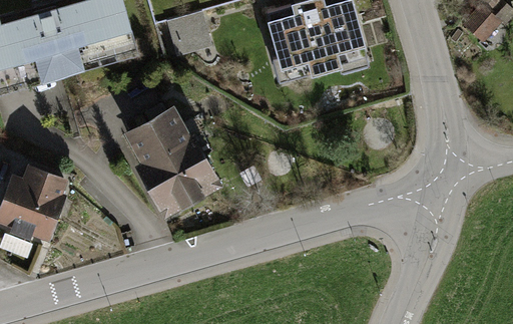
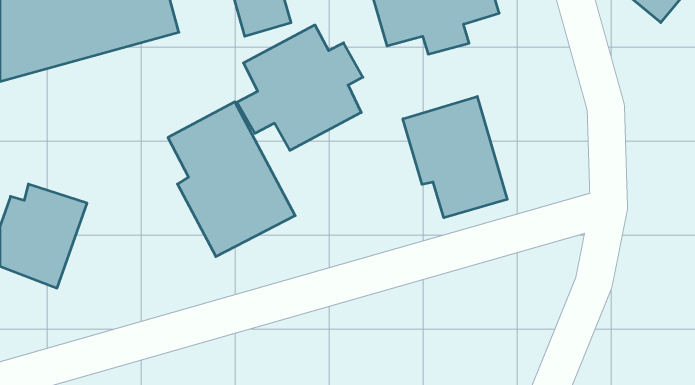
building: none -> [237,25,363,150]
building: none -> [403,96,507,218]

